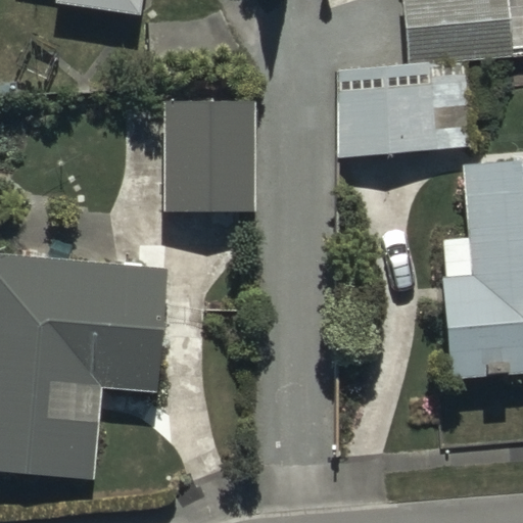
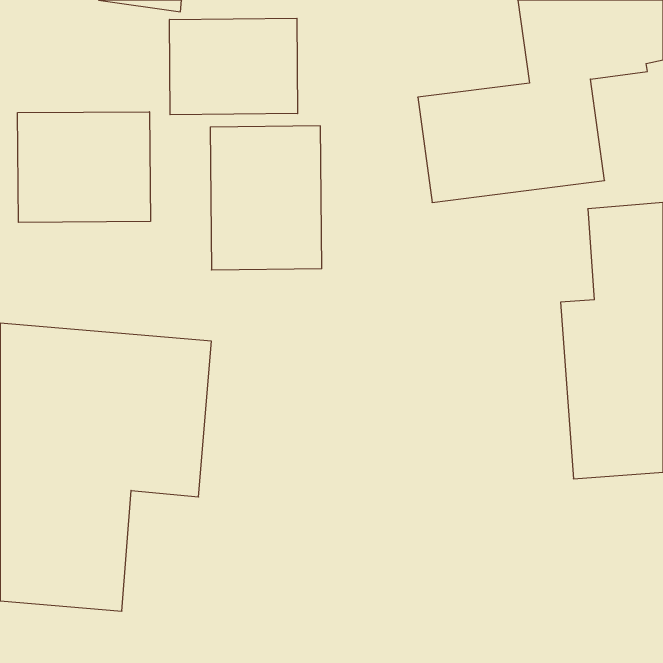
building: none -> [170,18,298,115]
building: none -> [18,112,150,222]

